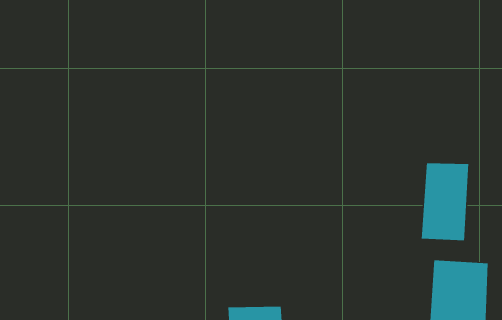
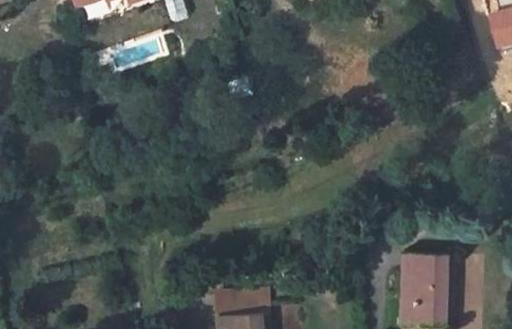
building: [421,163,469,241] -> none

